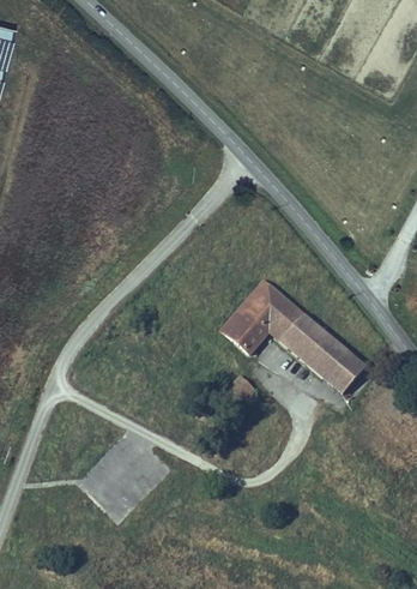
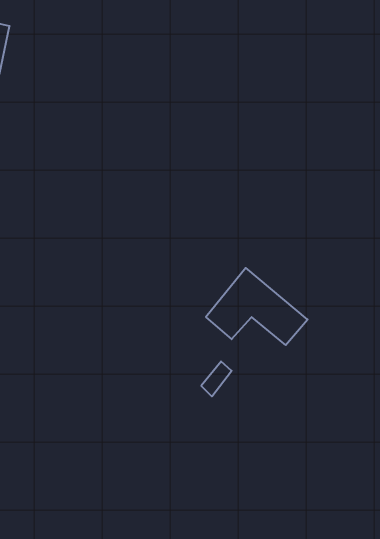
building: [302,332,364,392] -> none

